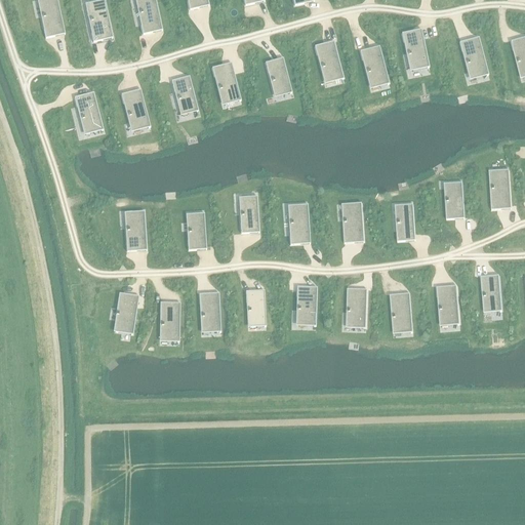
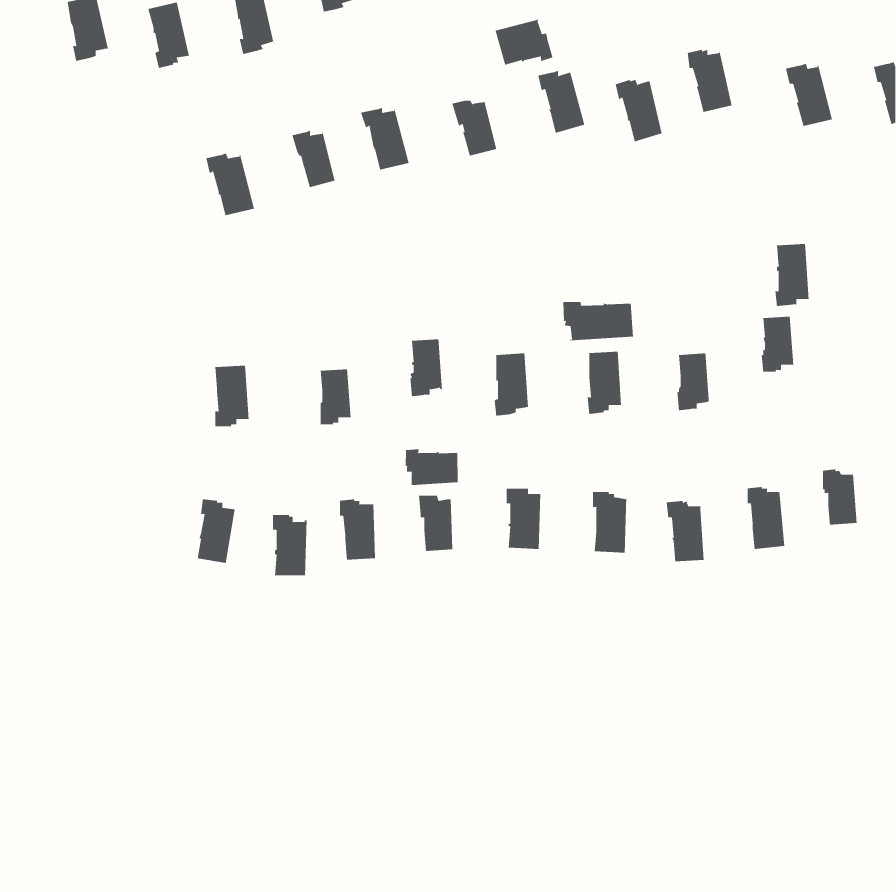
building: none -> [495,19,553,65]
building: [73,92,102,129] -> none
building: [489,171,510,208] -> [774,243,810,307]
building: none -> [563,301,633,341]
building: none -> [405,448,458,486]

